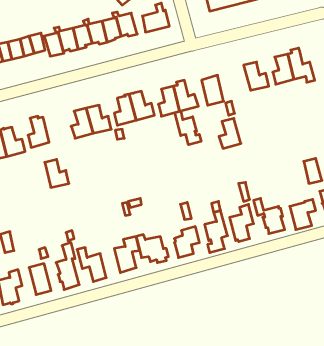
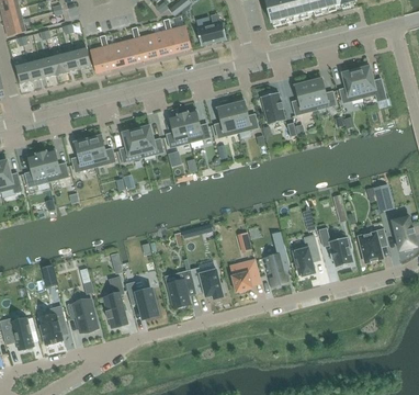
building: [175,111,201,145] -> none
building: [219,118,241,148] -> [291,81,315,114]
building: [45,159,69,187] -> [88,135,114,166]

